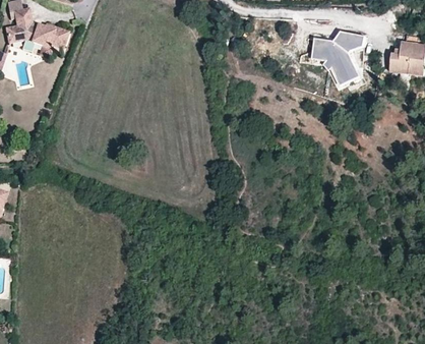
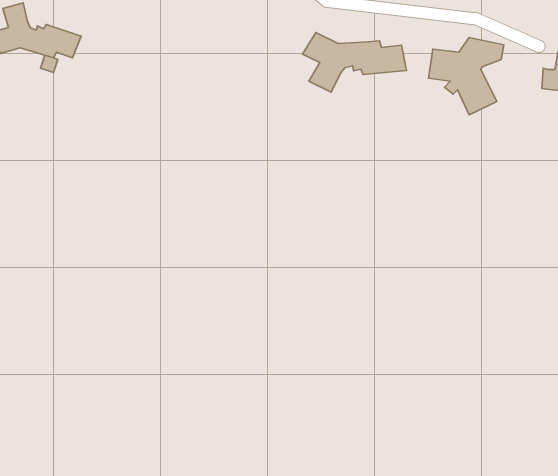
building: none -> [302,33,406,92]

